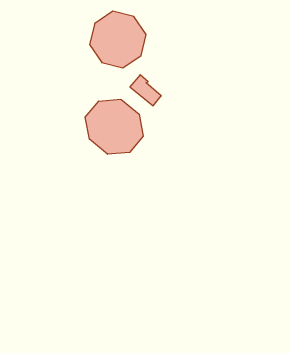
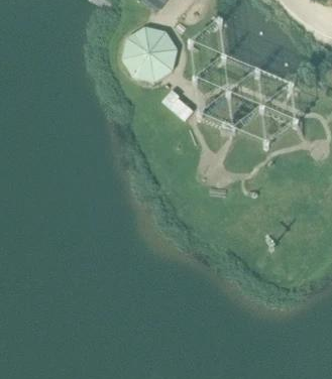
building: [85,99,143,154] -> none

